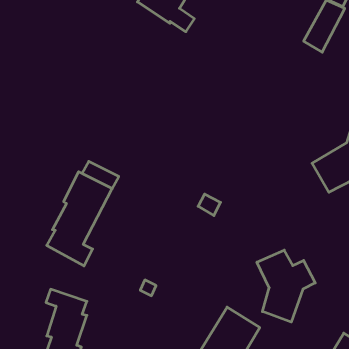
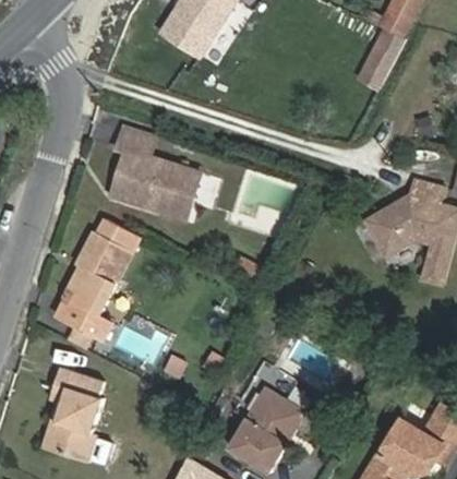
building: none -> [110,131,200,214]
building: [257,250,315,322] -> none

